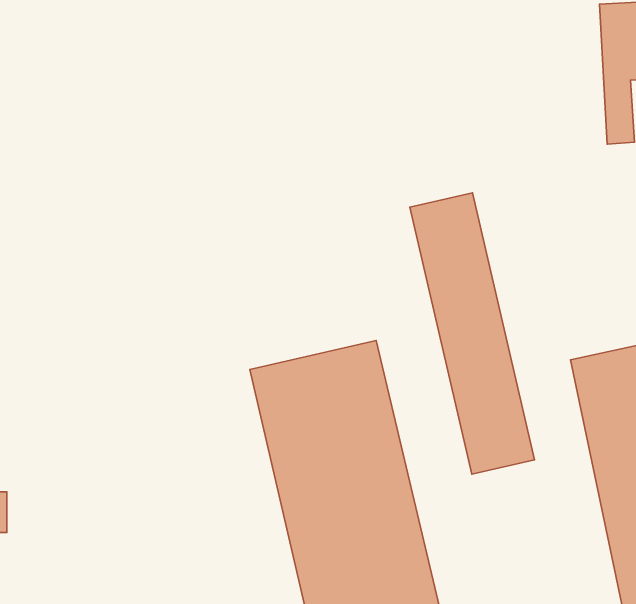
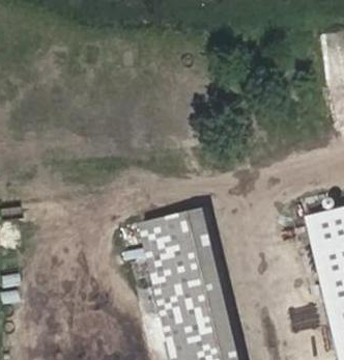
building: [410,193,535,474] -> none

